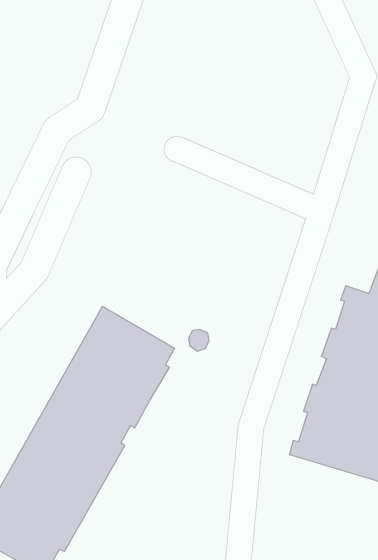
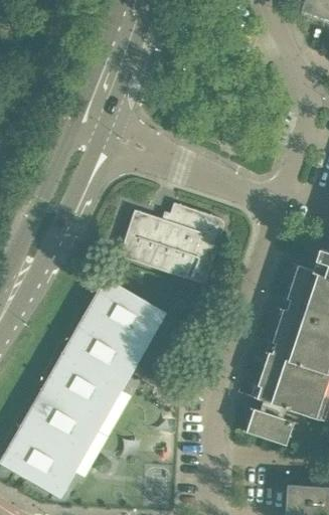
building: none -> [120,203,224,285]
building: none -> [248,408,295,445]

